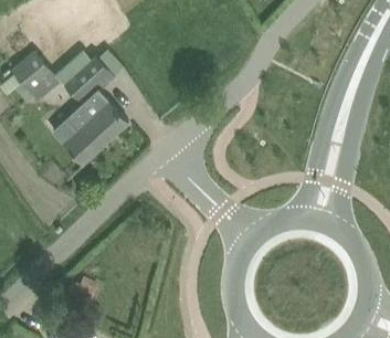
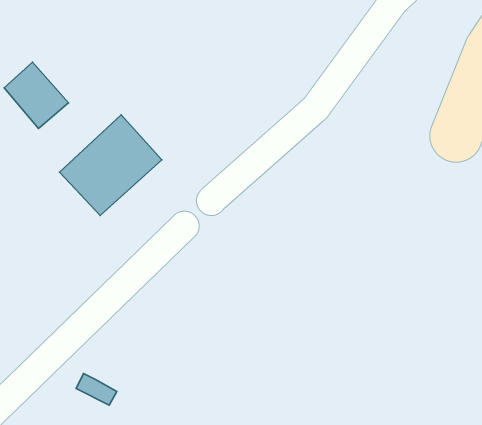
building: [63,56,114,99] -> none

